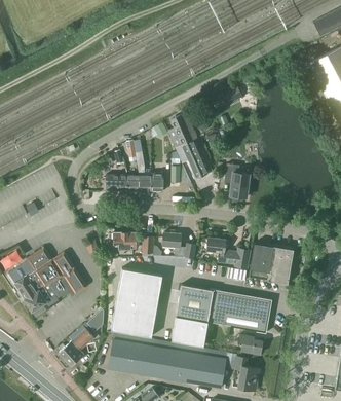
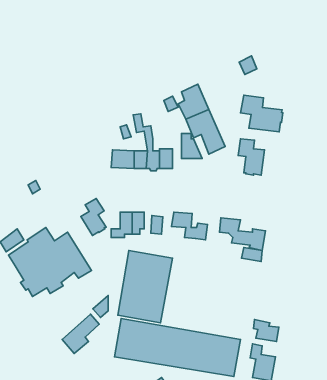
building: none -> [241,95,283,132]
building: none -> [81,199,106,236]
building: [250,244,294,284] -> none
building: [173,285,271,347] -> none

